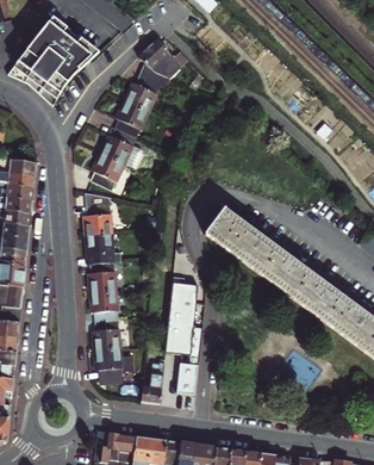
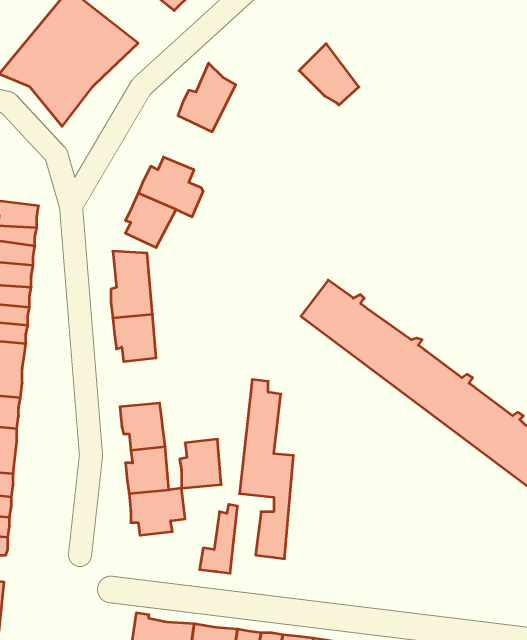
building: [139,41,179,81] -> [299,44,359,105]
building: [117,100,149,136] -> none
building: [87,260,114,292] -> [180,439,221,488]

